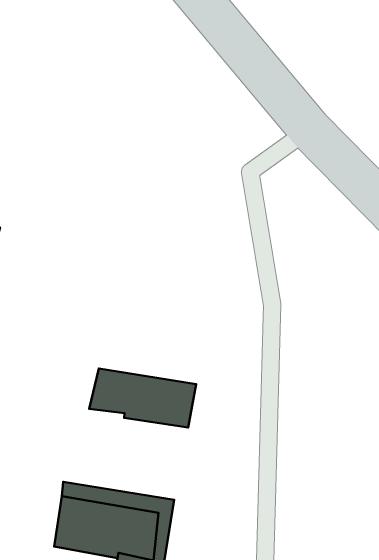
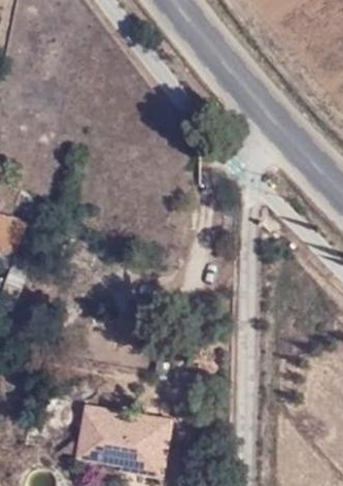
building: [89,368,196,428] -> none

